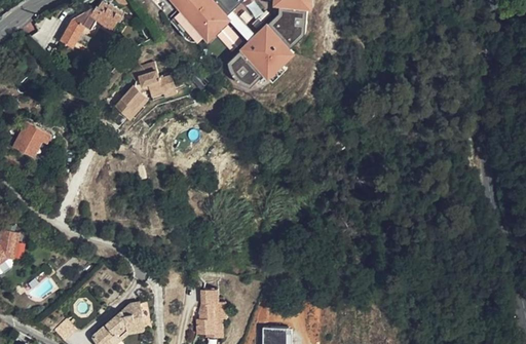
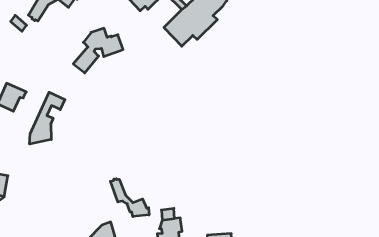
building: none -> [30,92,65,144]
building: none -> [110,179,149,217]

